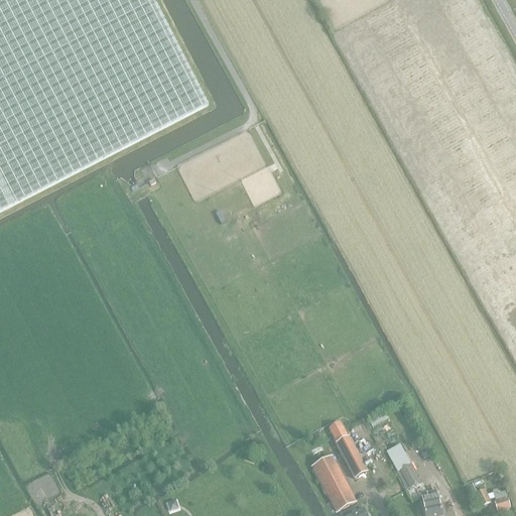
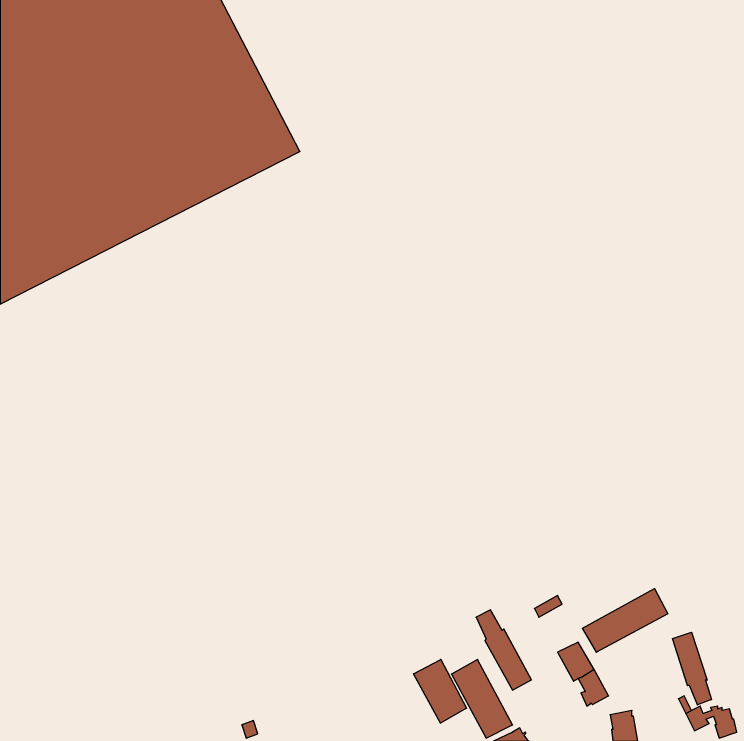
building: none -> [582,589,668,652]
building: none -> [673,632,711,705]
building: none -> [414,659,467,723]

